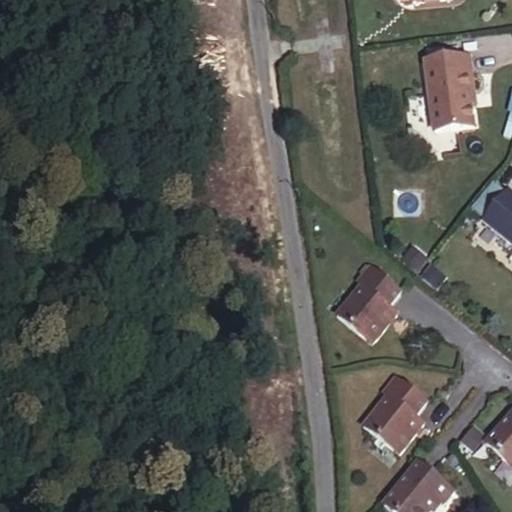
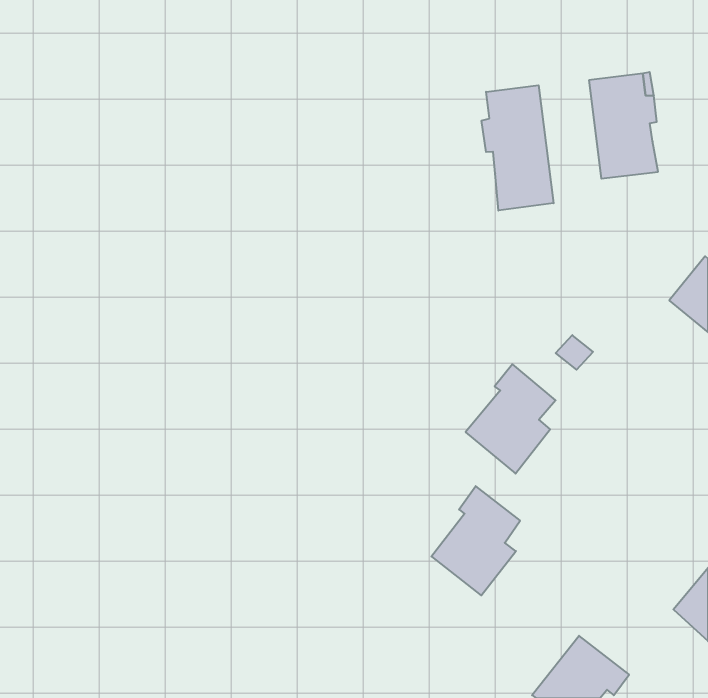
building: none -> [482,85,554,211]
building: [363,373,427,452] -> [431,486,520,595]

